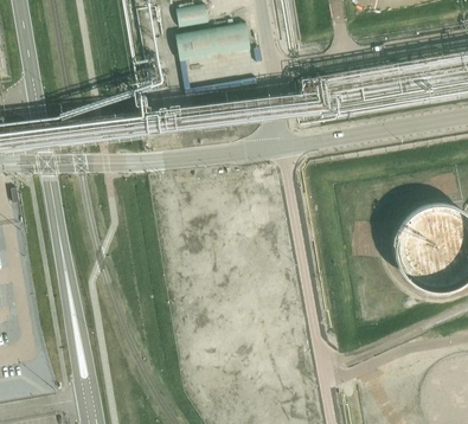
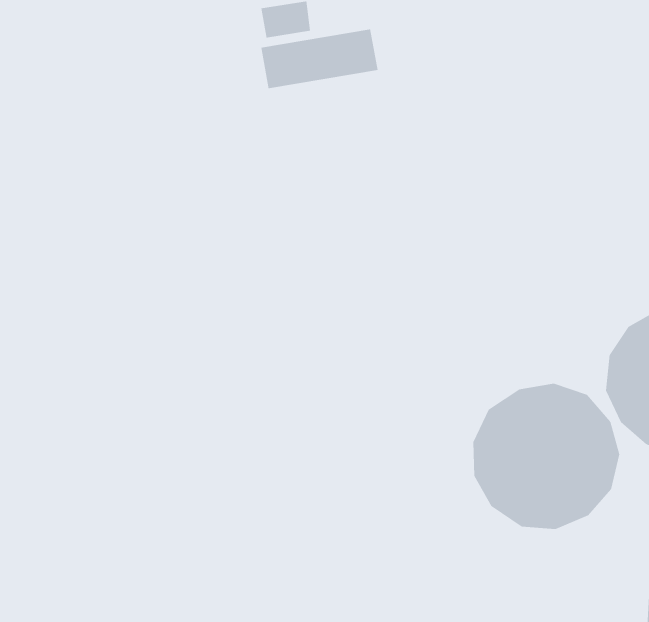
building: none -> [473,383,620,530]

